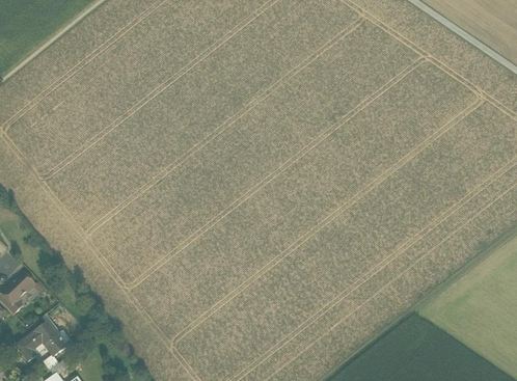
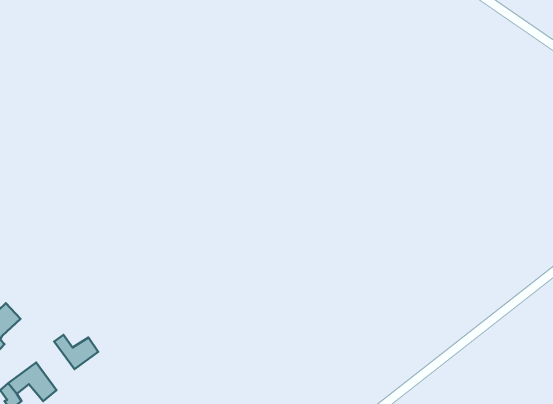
building: none -> [54,335,98,369]

